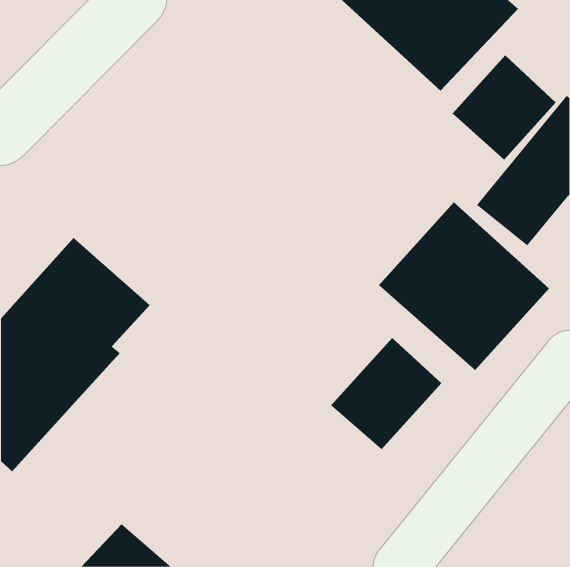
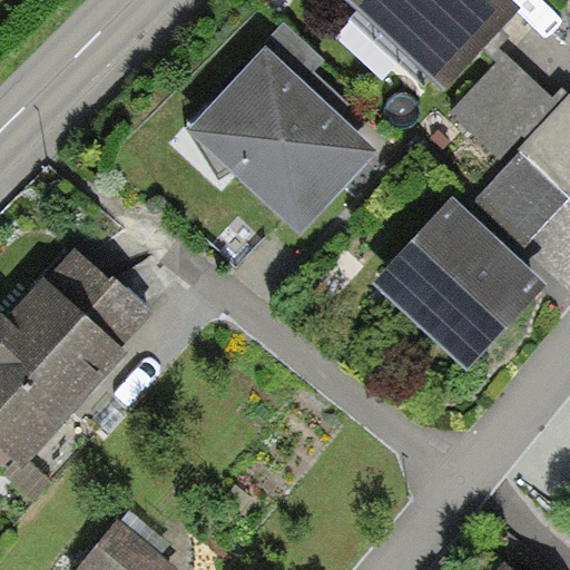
building: none -> [187,23,376,234]
building: [330,337,442,450] -> none

